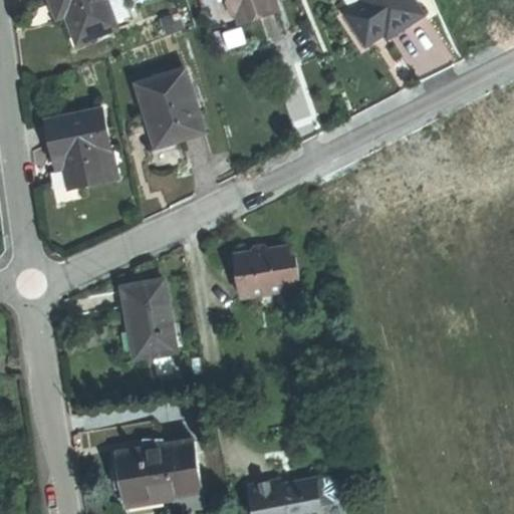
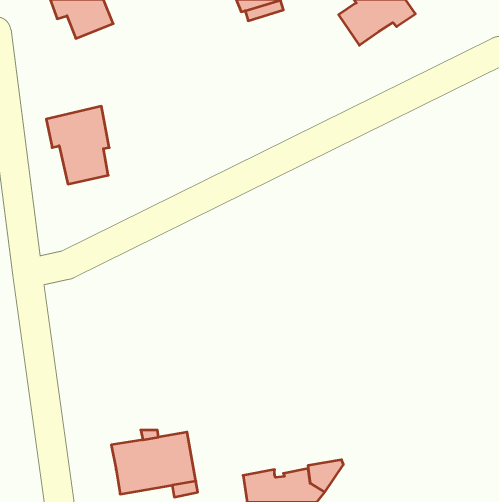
building: [138,69,204,146] -> none
building: [225,254,281,298] -> none
building: [120,279,174,357] -> none

